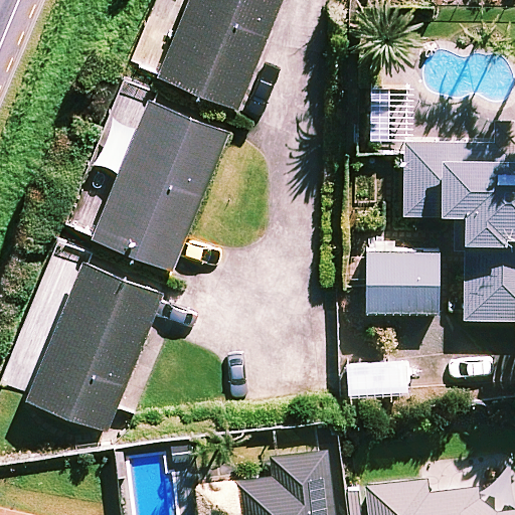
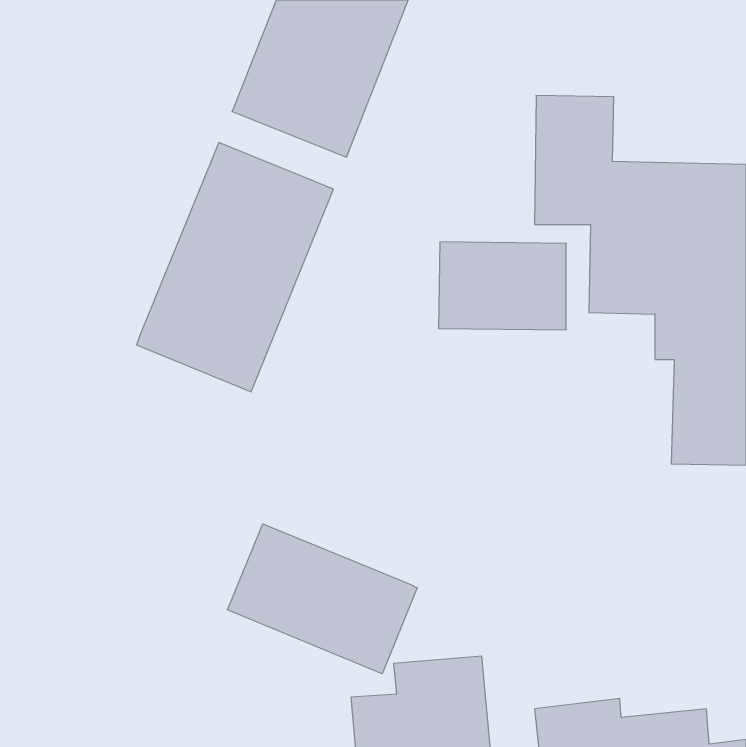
building: [350,252,438,313] -> [438,242,566,330]
building: [27,264,162,433] -> none
building: none -> [228,524,417,674]

